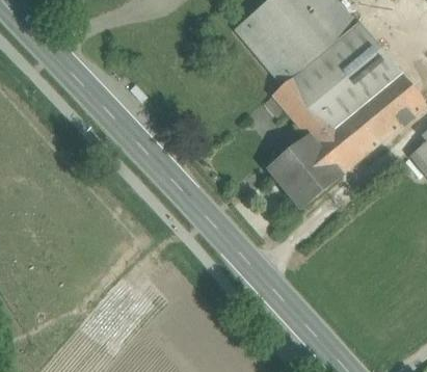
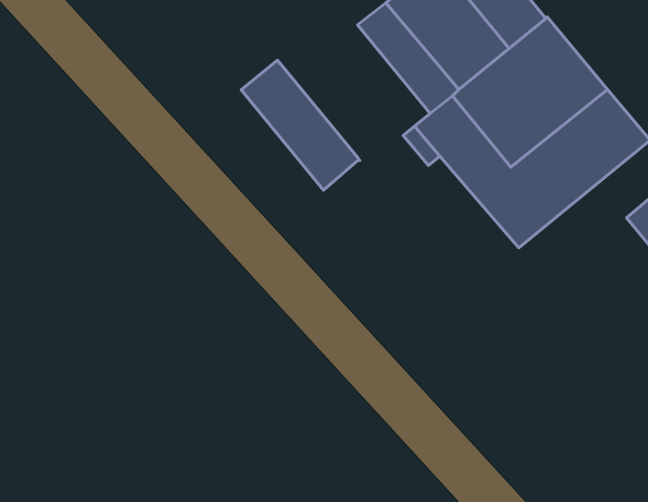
building: none -> [241,60,360,190]
building: [274,136,342,209] -> none

